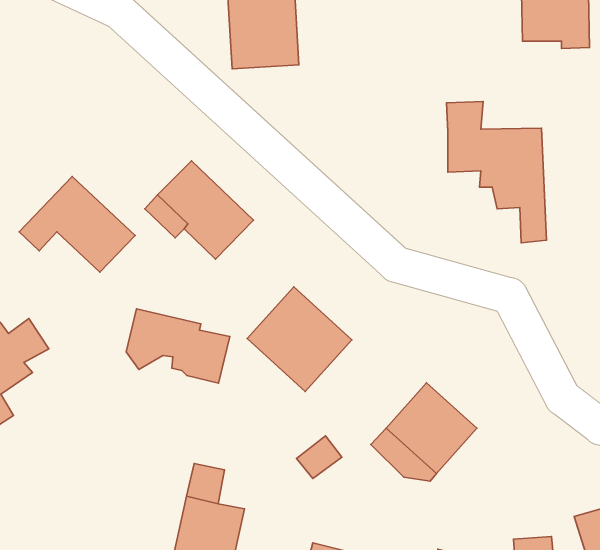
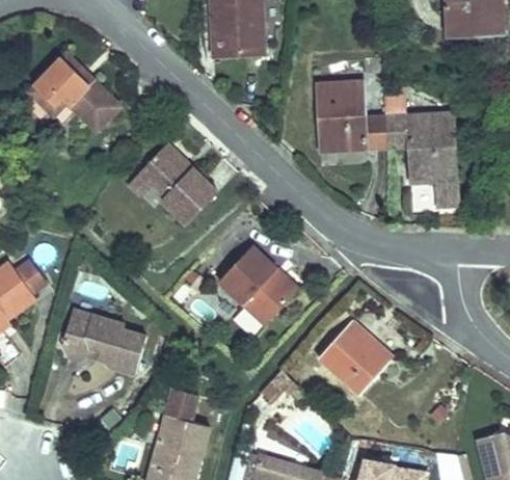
building: none -> [306,66,378,152]
building: [19,176,135,272] -> [21,46,116,125]
building: [126,309,230,383] -> [66,311,152,372]

